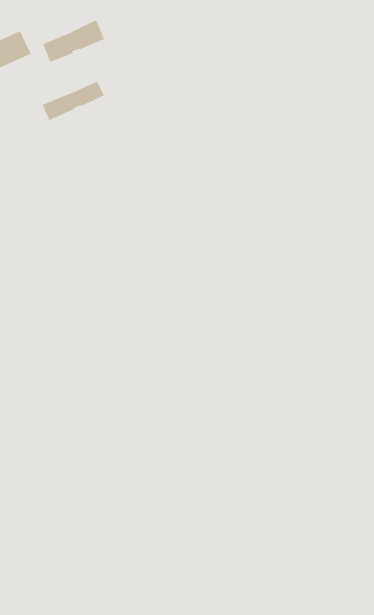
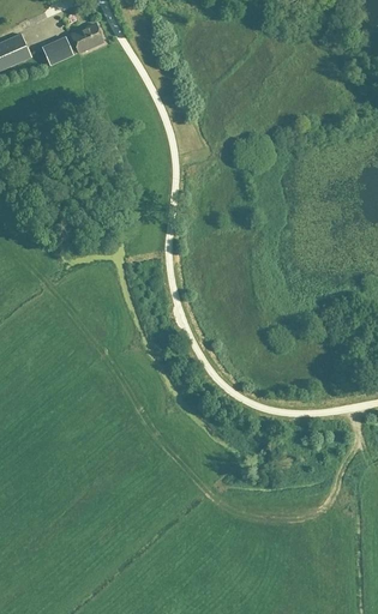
building: [42,81,104,121] -> none

